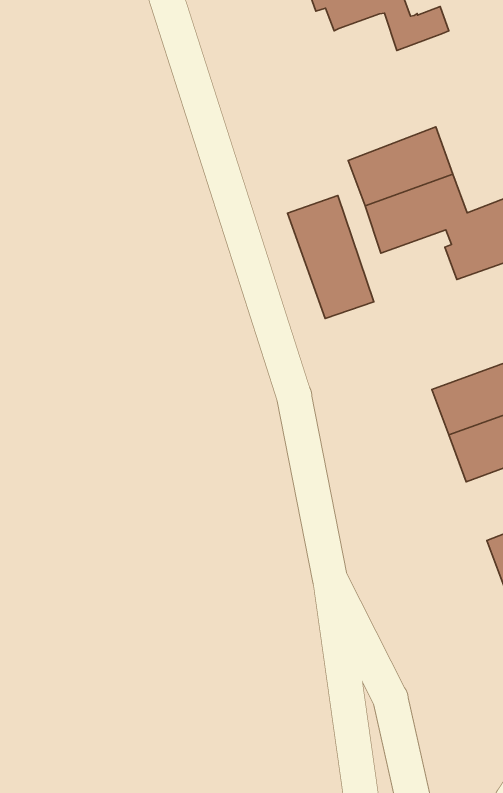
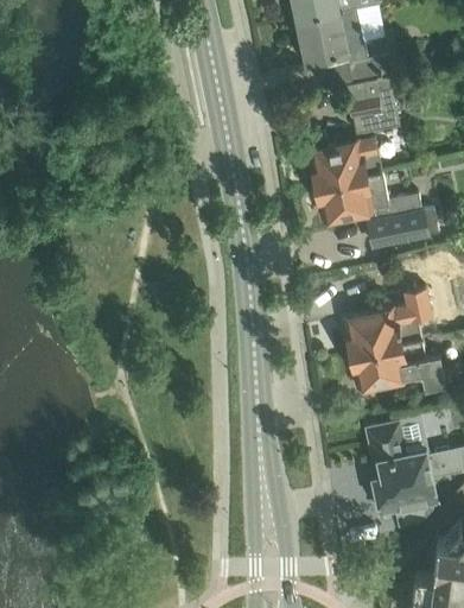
building: none -> [347,77,398,133]
building: [287,195,374,319] -> none

